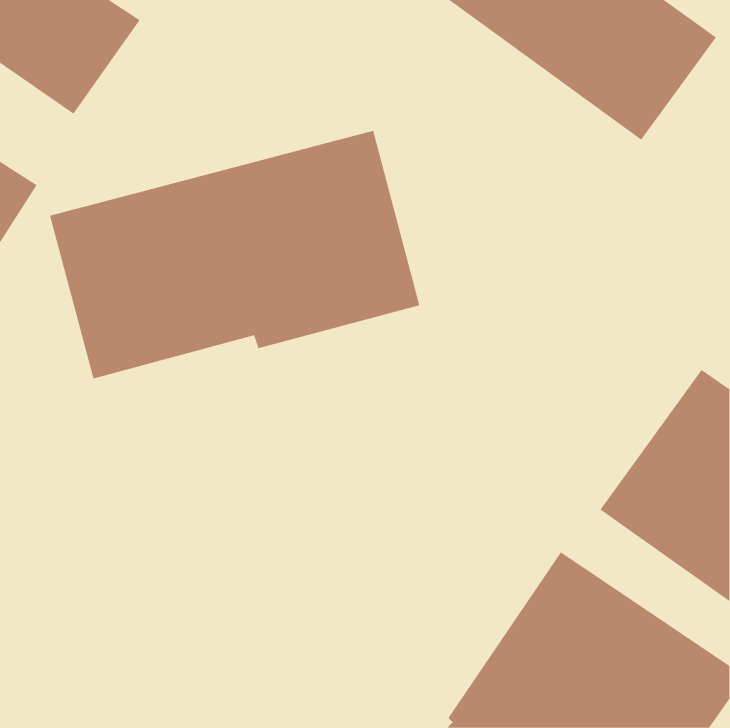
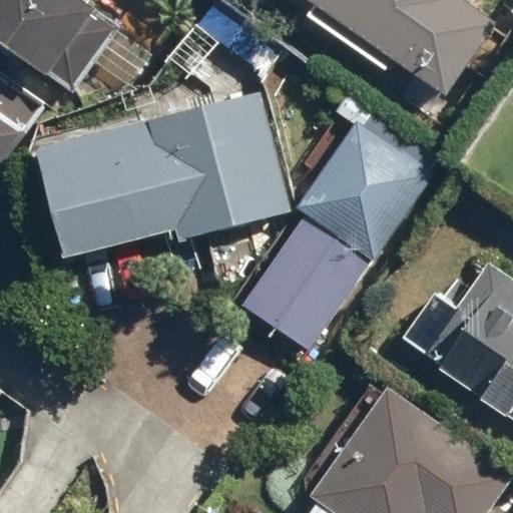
building: none -> [239,125,433,355]

